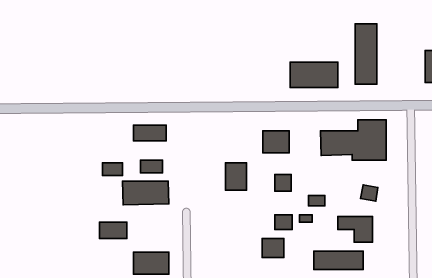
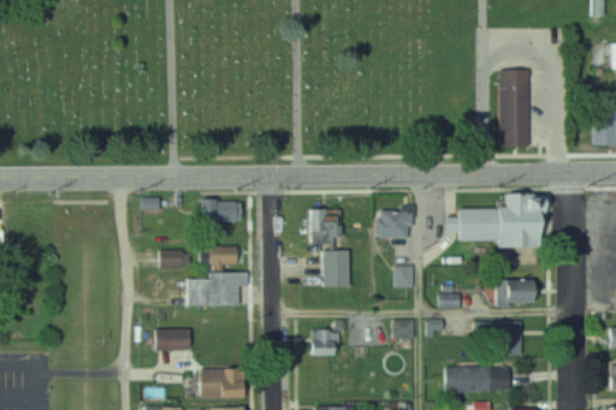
building: [290,62,338,87] -> none
building: none -> [312,210,346,244]
building: [262,238,284,258] -> [314,331,343,356]

